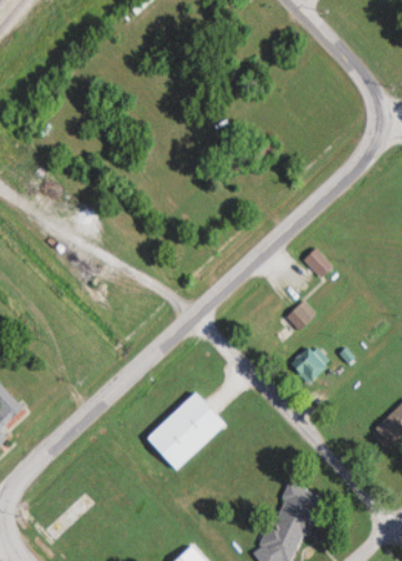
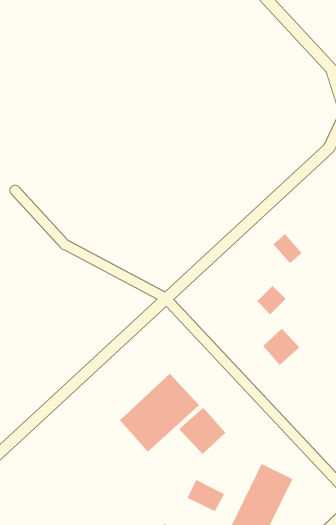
building: none -> [178,407,226,455]
building: none -> [186,479,225,512]

